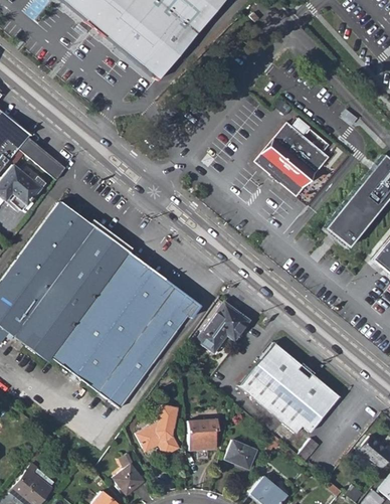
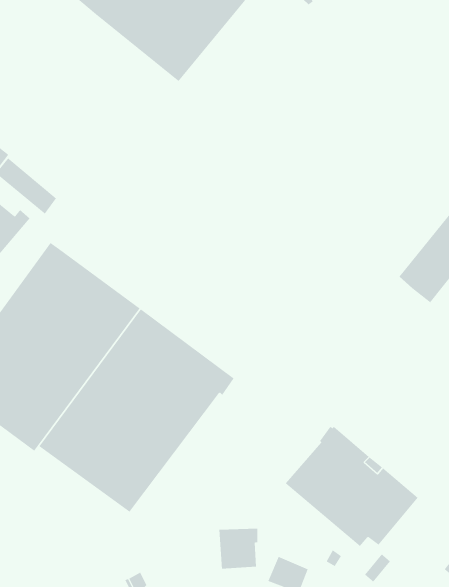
building: [255,123,330,196] -> none
building: [196,302,249,352] -> none
building: [137,404,183,455] -> none

